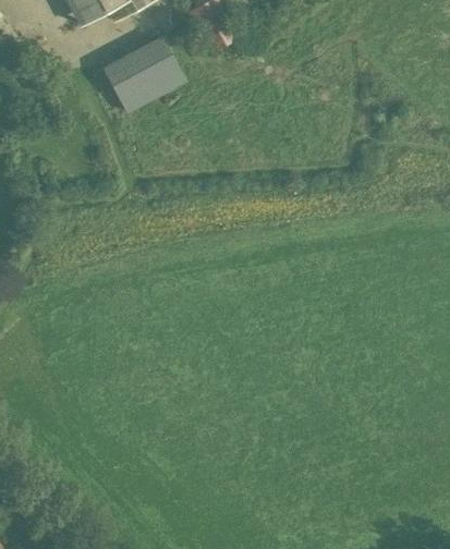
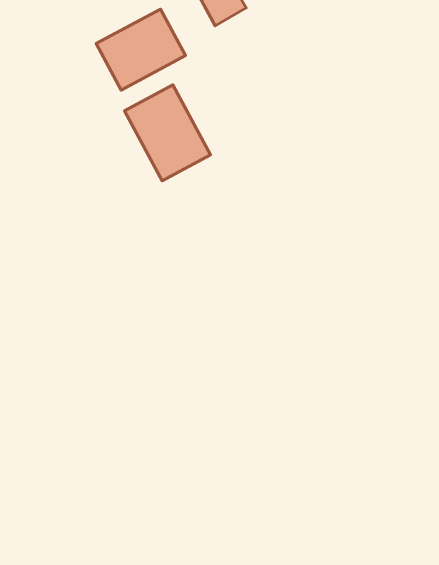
building: none -> [125,85,210,181]

